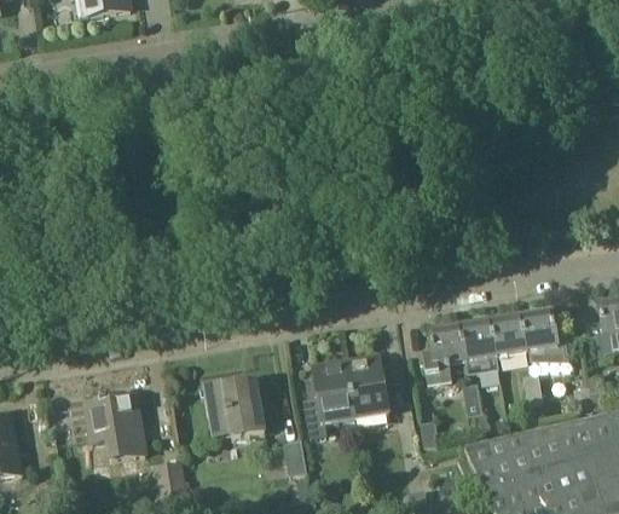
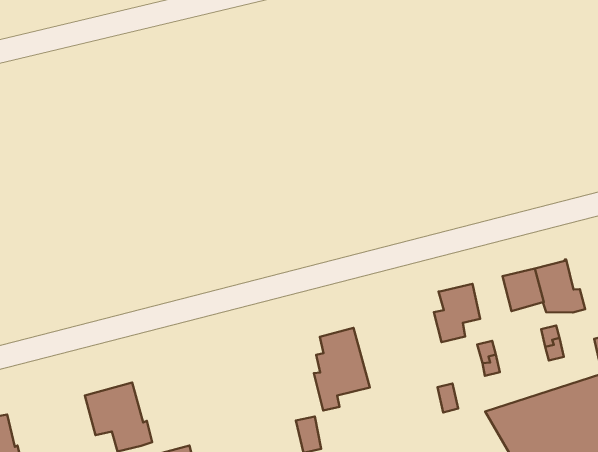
building: [462,320,499,370] -> none
building: [346,353,389,416] -> none
building: [206,376,266,435] -> none

